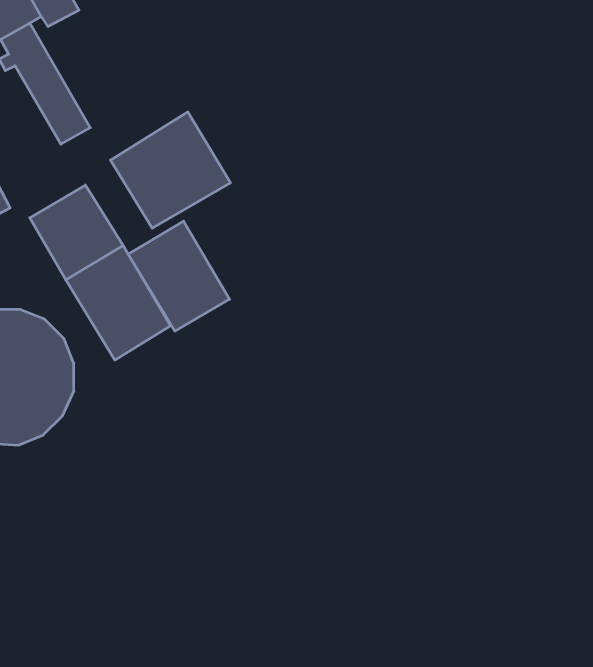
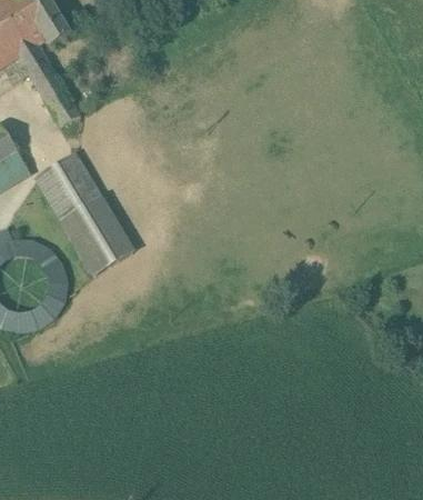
building: [110,112,230,228] -> none
building: [128,221,230,331] -> none

